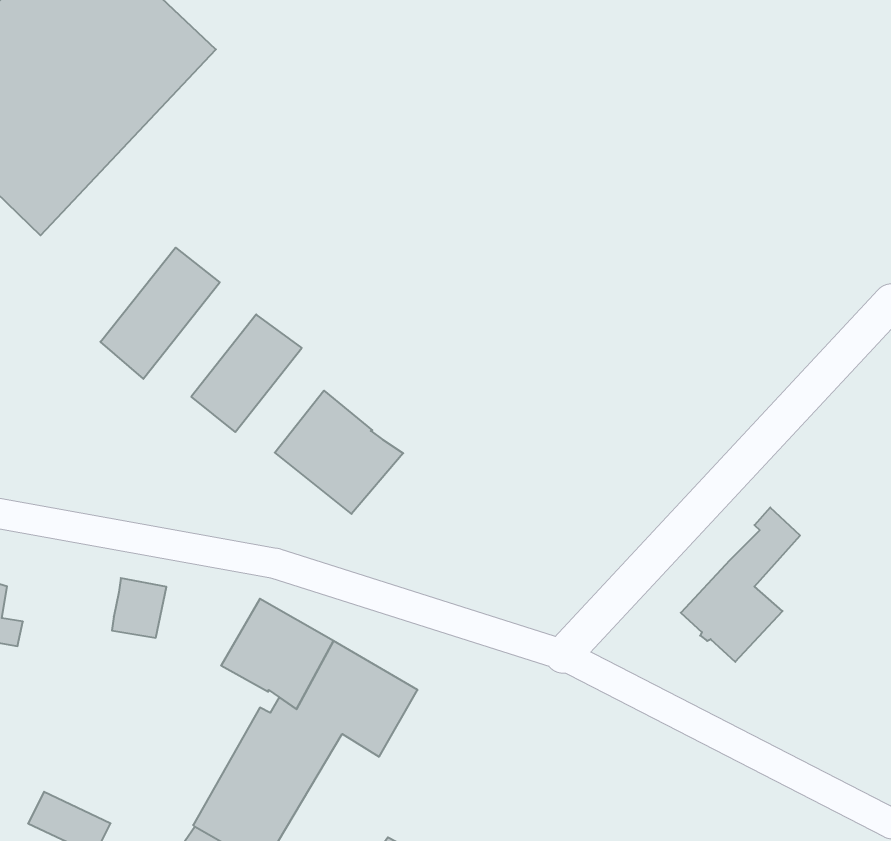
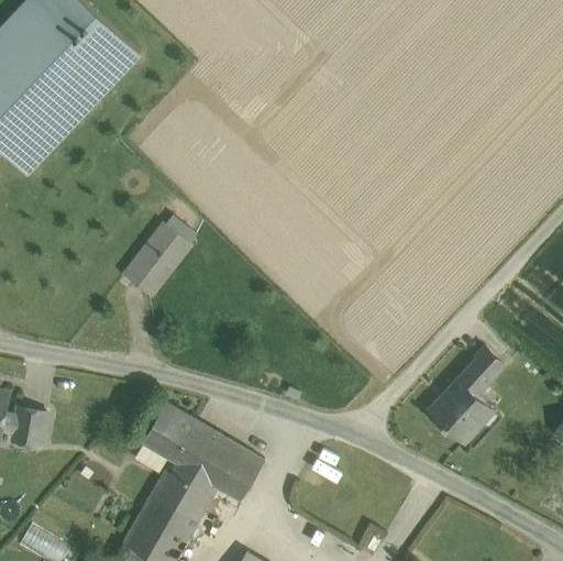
building: [100,248,220,379] -> none
building: [275,391,403,514] -> none
building: [112,578,166,638] -> [12,407,46,444]

